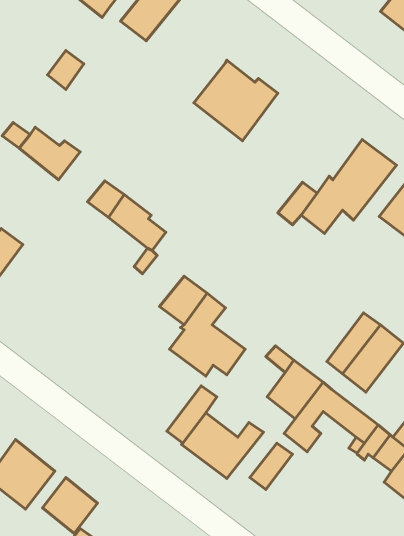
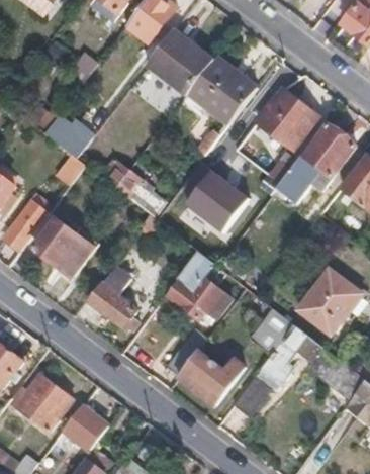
building: none -> [148,29,214,96]
building: none -> [257,88,318,149]
building: none -> [179,167,245,231]
building: none -> [35,219,94,276]
building: none -> [90,268,137,328]

